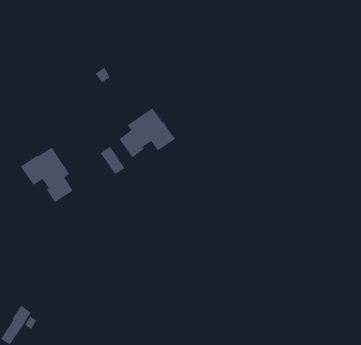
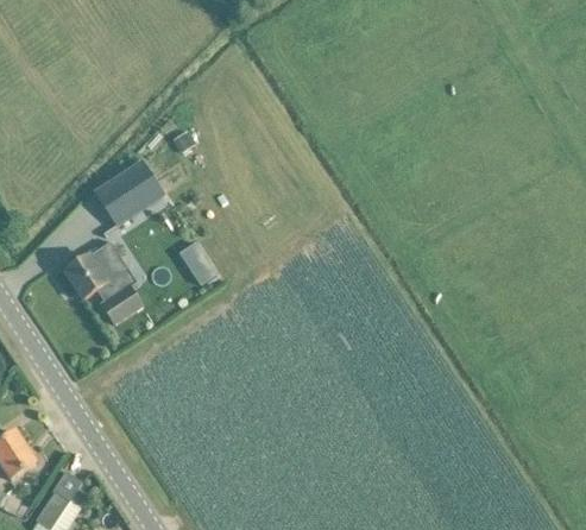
building: none -> [78,164,146,231]
building: [119,107,176,158] -> none

